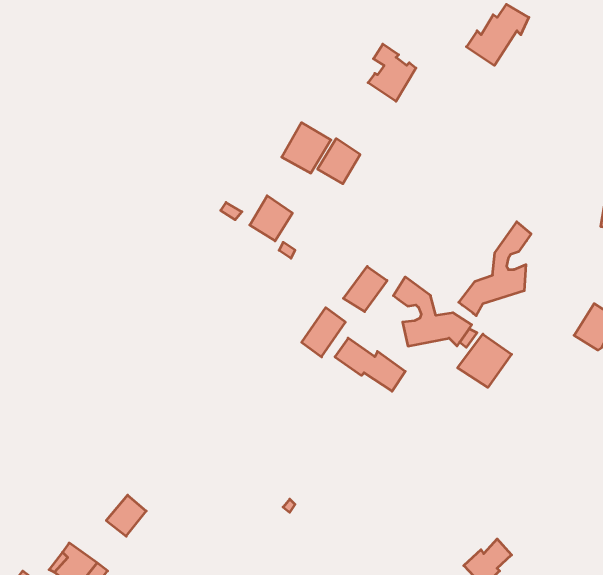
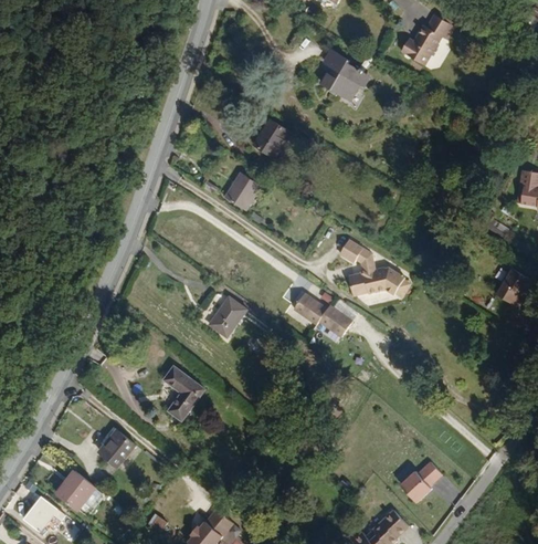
building: [459,222,531,316] -> none
building: [343,266,387,312] -> none
building: [302,308,345,357] -> [208,293,244,334]
building: [458,334,512,387] -> none
building: none -> [165,366,204,419]

